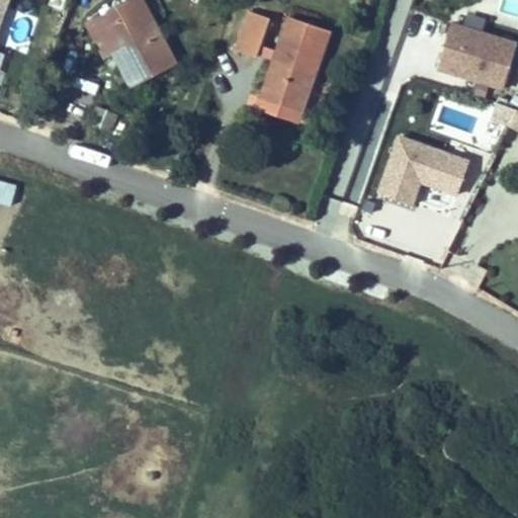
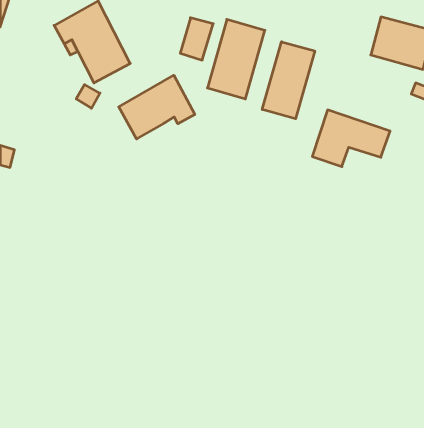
building: none -> [262,42,315,119]
building: none -> [119,75,195,139]

